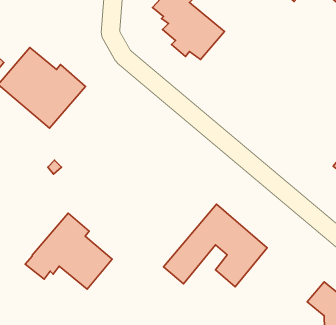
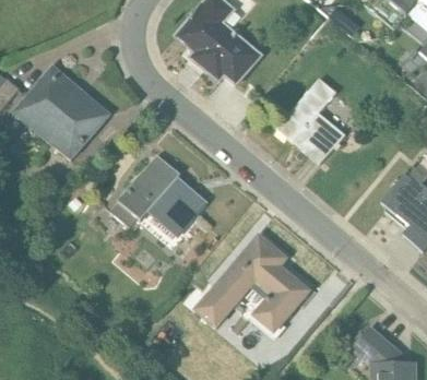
building: none -> [272,76,344,163]
building: [25,213,112,289] -> [110,153,205,236]

